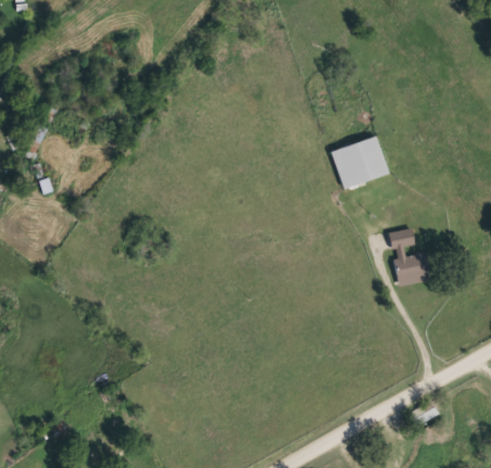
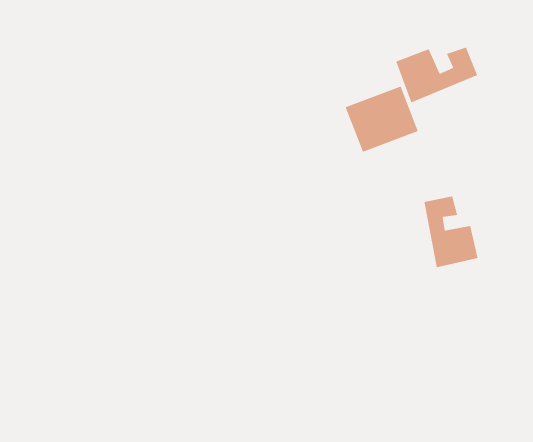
building: none -> [395,47,478,103]

